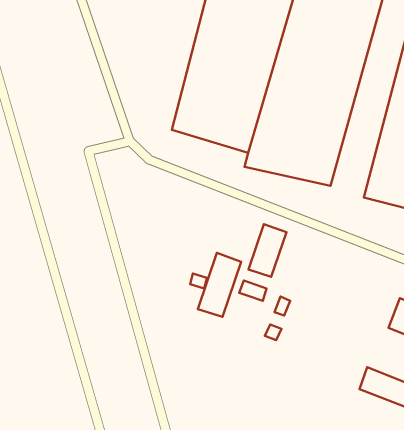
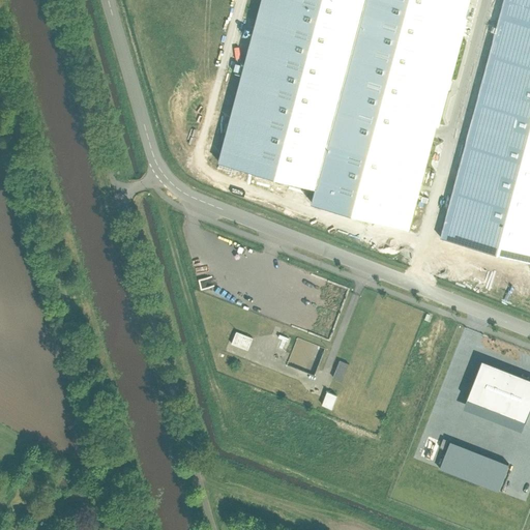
building: [249,224,287,277] -> none
building: [198,253,241,317] -> none

